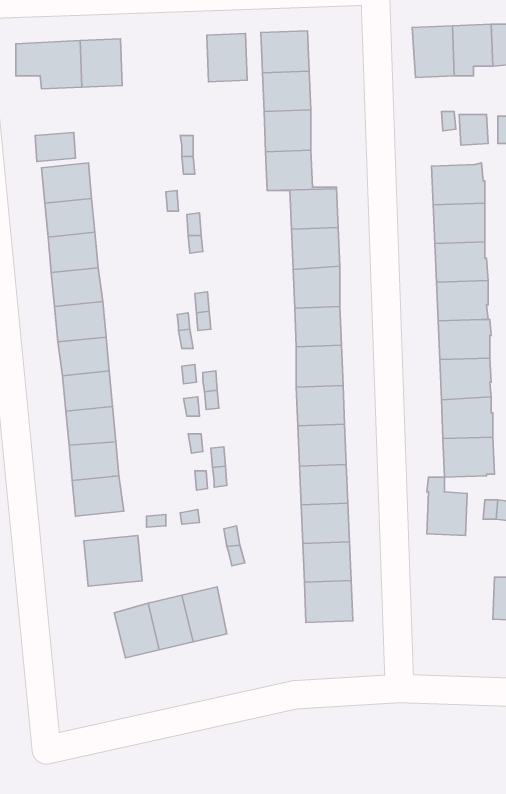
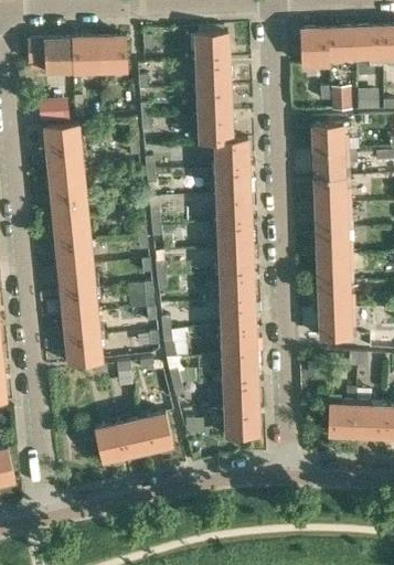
building: [207,33,247,82] -> [99,38,127,71]
building: [427,477,467,535] -> [328,396,355,436]
building: [84,535,142,586] -> none

